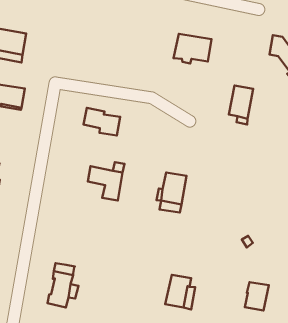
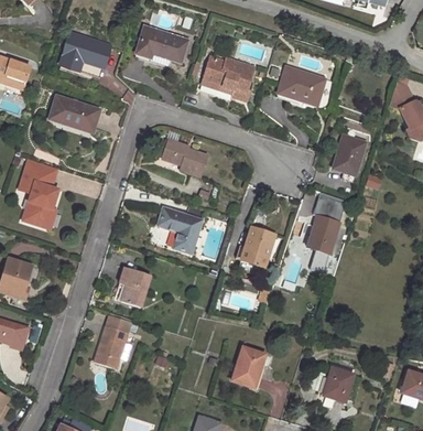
building: none -> [134,25,187,67]
building: none -> [202,56,253,100]
building: none -> [307,194,346,272]
building: none -> [119,266,150,306]

